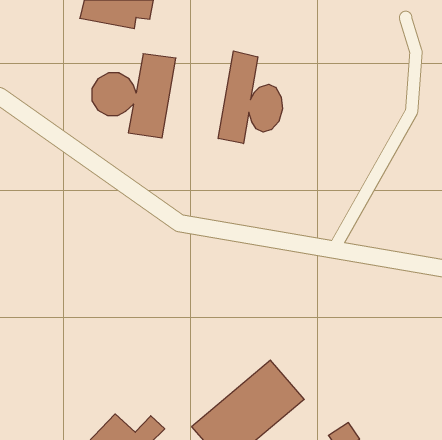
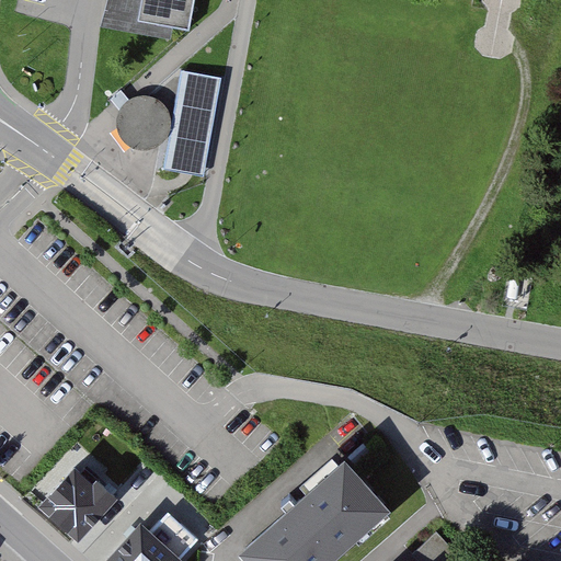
building: [218,51,283,144] -> none
building: none -> [35,451,121,537]

